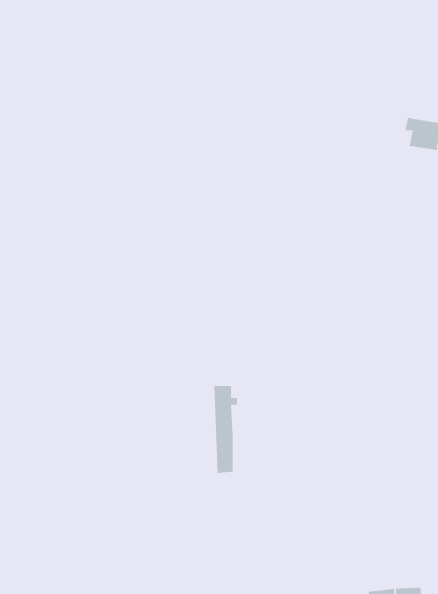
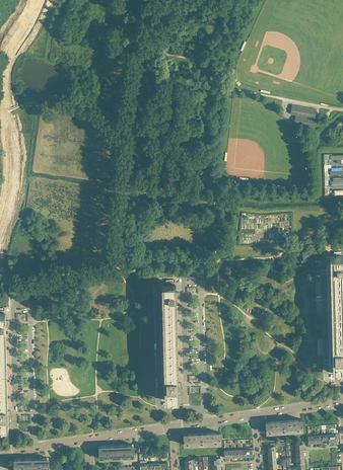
building: none -> [163,342,181,401]

